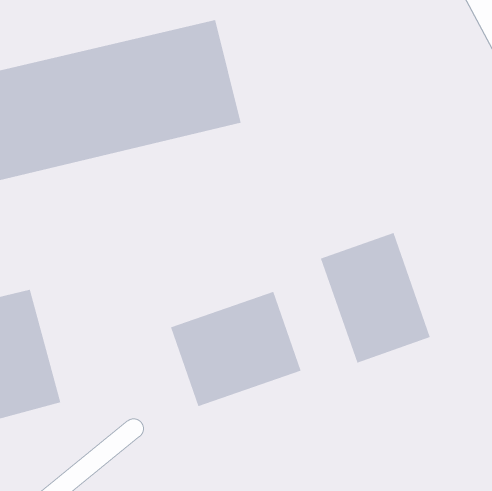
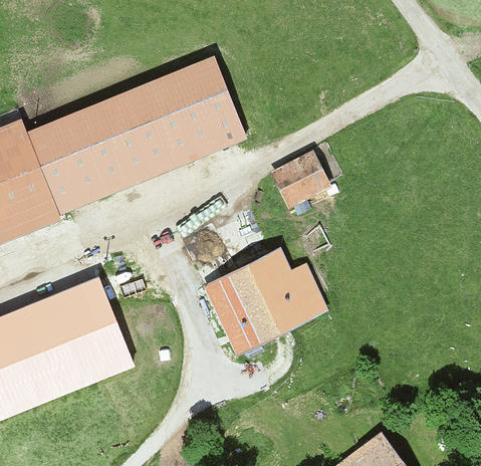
building: none -> [273,152,325,201]
building: [320,232,431,364] -> none

